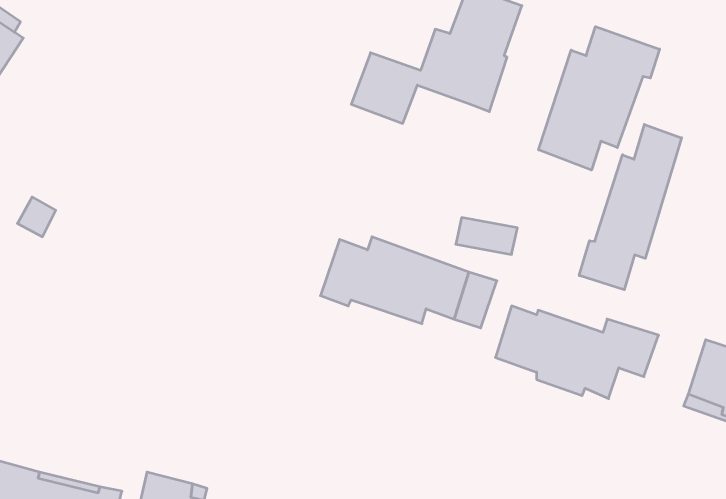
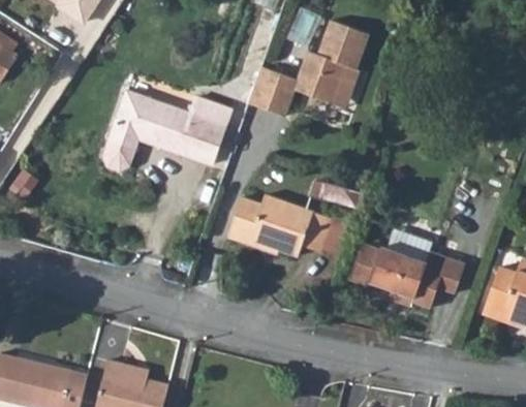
building: [539,27,660,170] -> none
building: none -> [101,92,229,173]
building: [579,124,682,290] -> none

